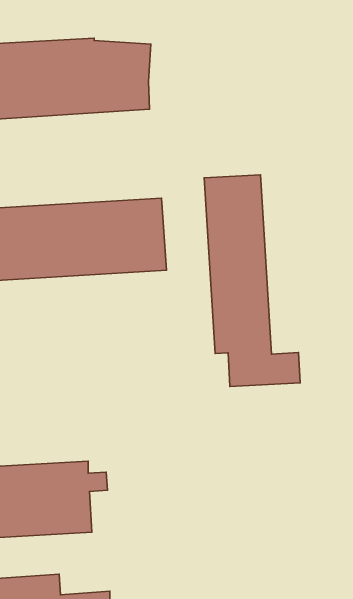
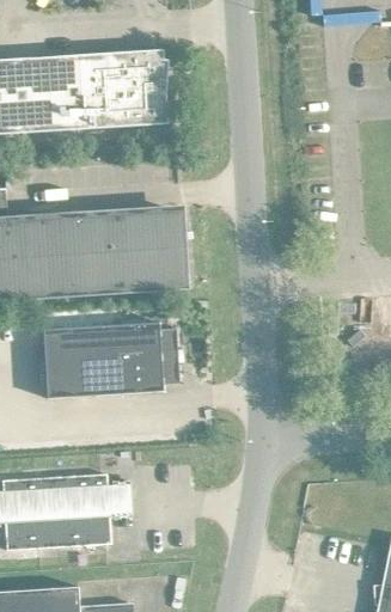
building: [204,175,300,387] -> none
building: none -> [44,322,182,398]

